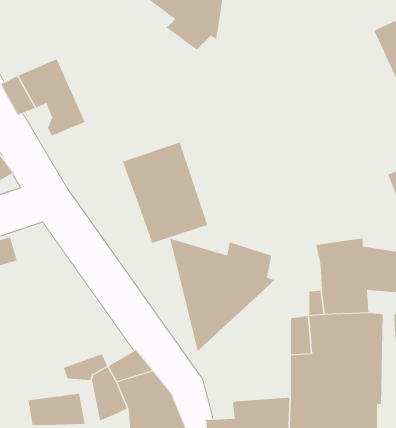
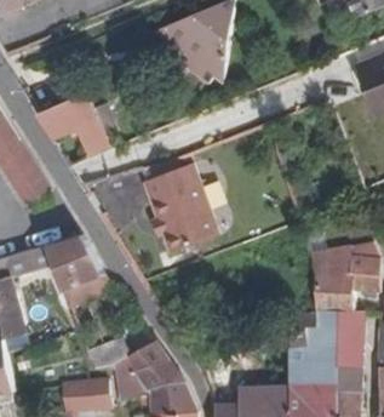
building: none -> [45,236,102,290]
building: [170,238,275,352] -> none

